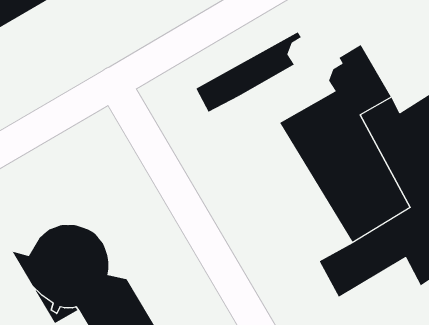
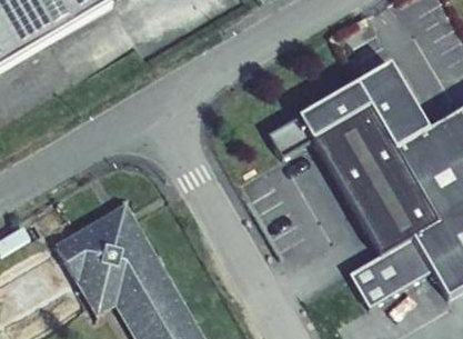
building: [196,31,302,112] -> [272,67,375,146]
building: none -> [53,211,167,282]

